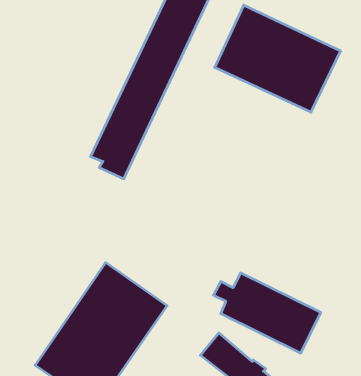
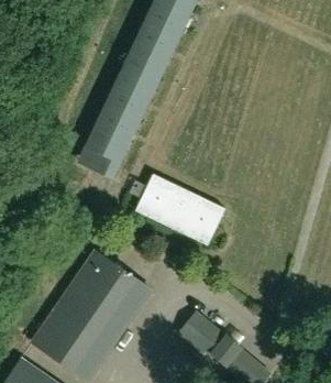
building: [215,5,340,112] -> none
building: [213,273,321,353] -> [129,171,224,242]

